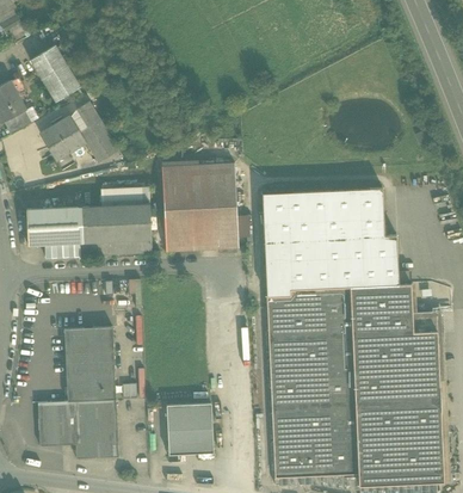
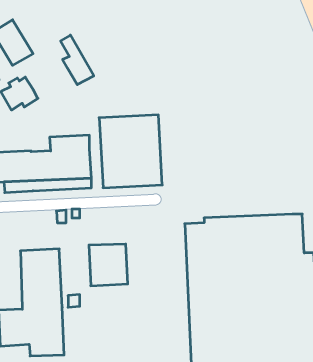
building: [78,101,118,162] -> [61,35,94,85]
building: [261,187,399,296] -> none
building: [166,403,214,455] -> [89,244,128,286]

